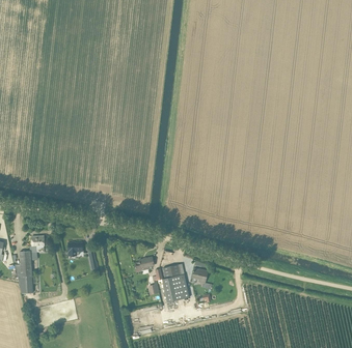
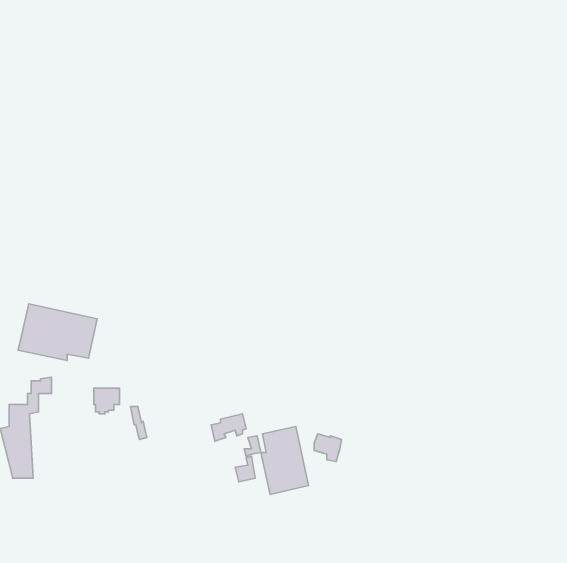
building: none -> [18,304,97,361]

